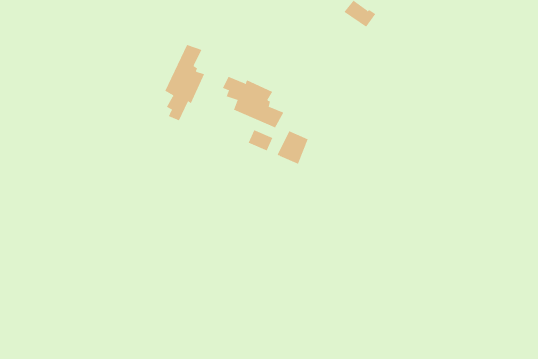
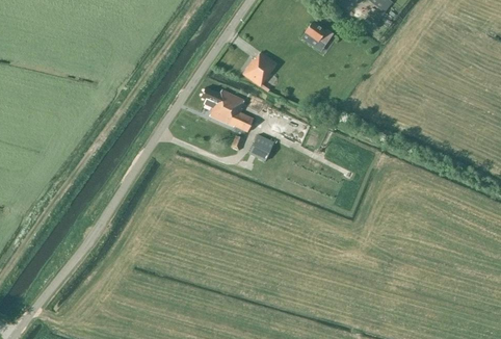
building: none -> [243,52,276,85]
building: [164,44,205,121] -> none

